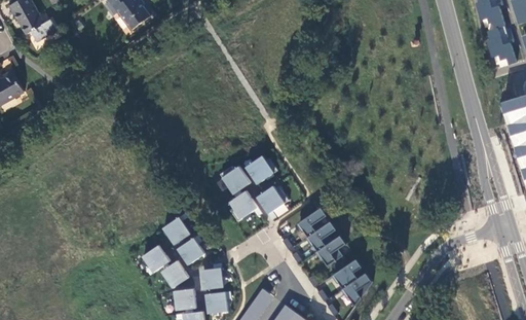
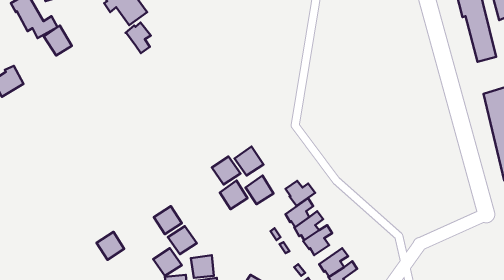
building: none -> [126,23,151,53]
building: none -> [44,25,72,56]
building: none -> [285,181,315,206]
building: [141,244,170,273] -> [96,232,124,260]

